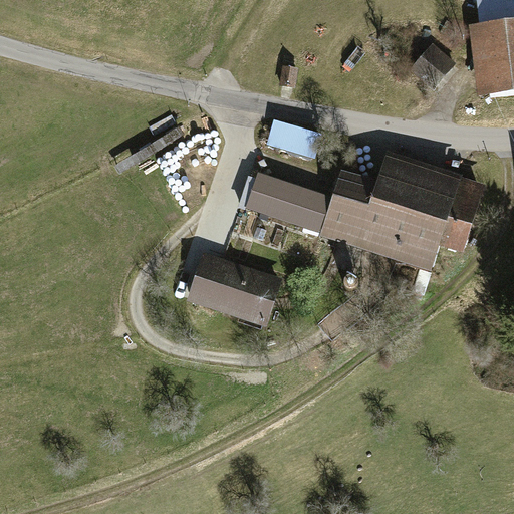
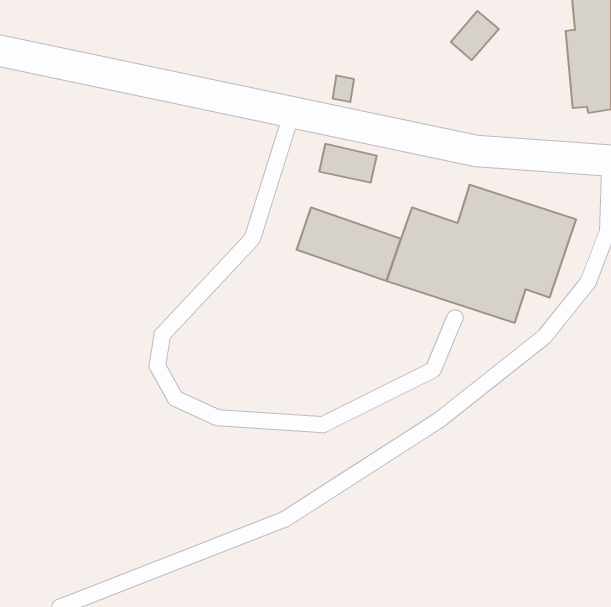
building: [410,43,450,84] -> [451,11,499,60]
building: [187,250,275,322] -> none

